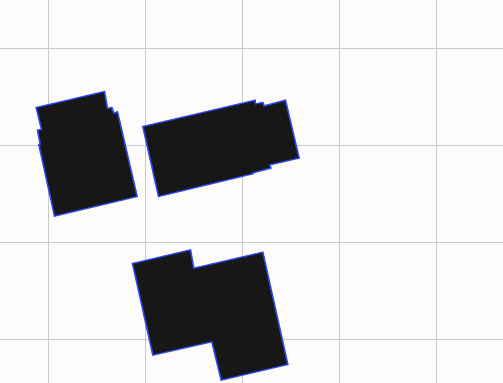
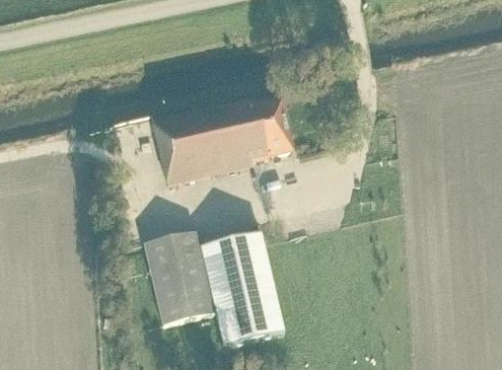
building: [36,92,137,216] -> none

